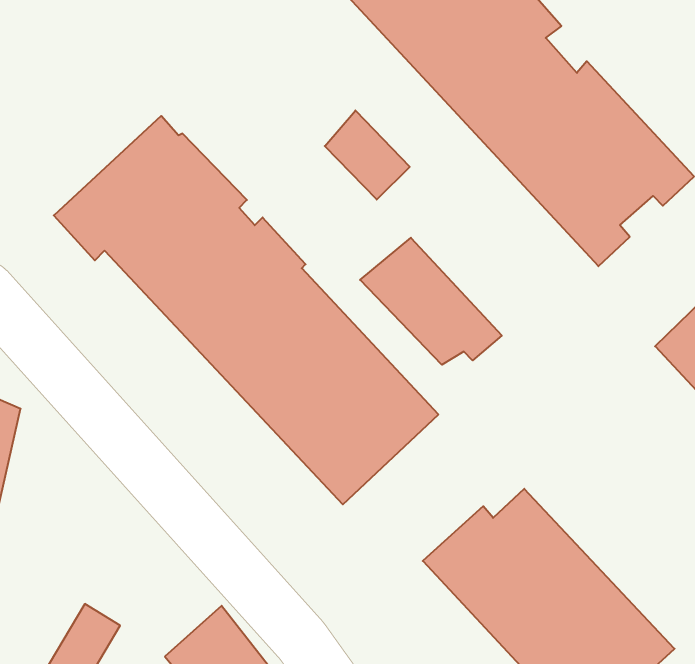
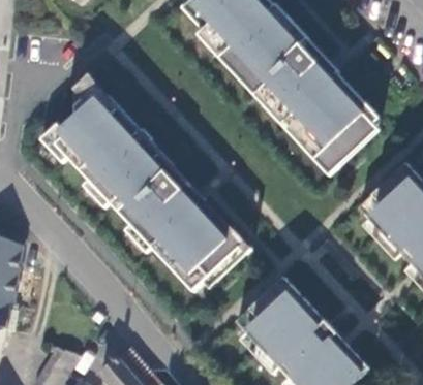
building: [325,110,410,200] -> none
building: [360,238,502,365] -> none

